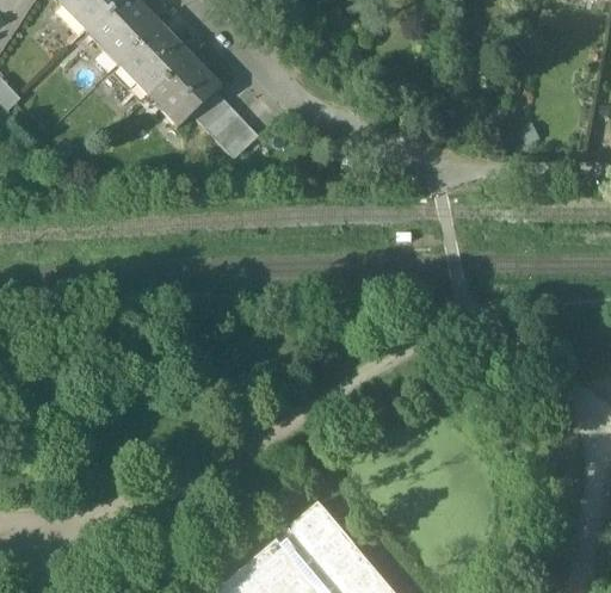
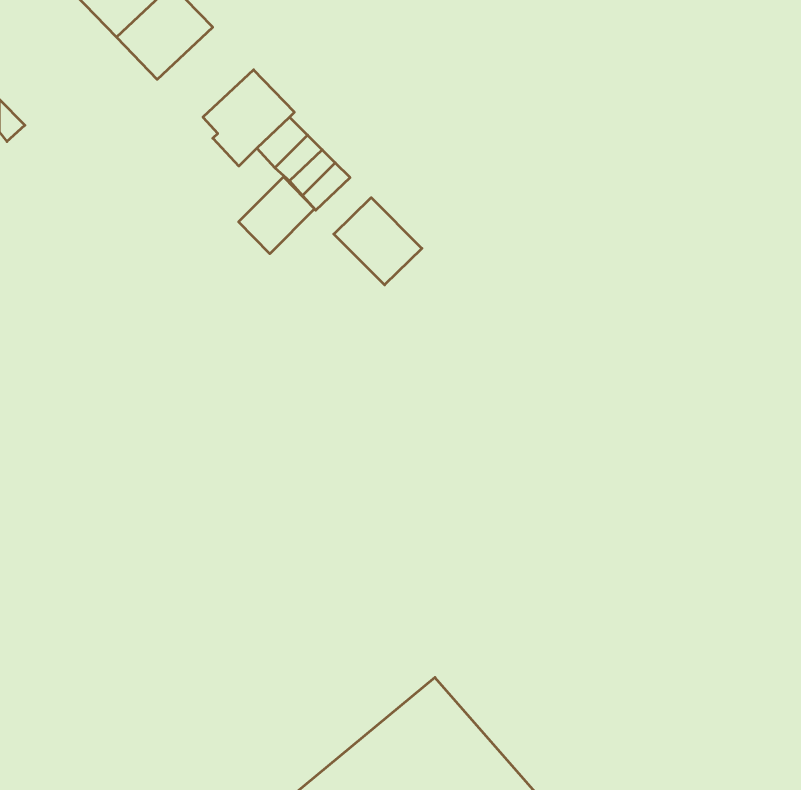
building: [119,27,190,97] -> none
building: none -> [239,177,315,254]
building: none -> [334,198,422,285]

